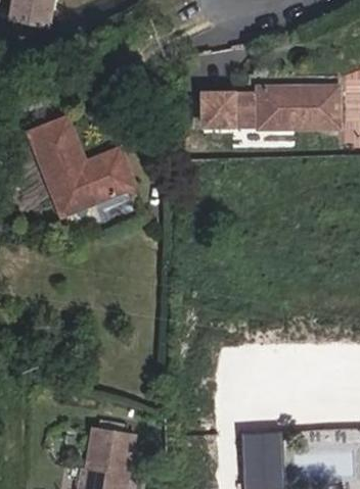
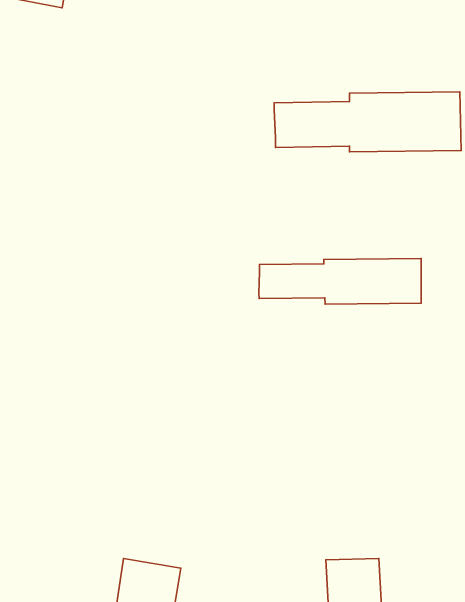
building: [30,118,133,214] -> none
building: none -> [259,258,421,304]

